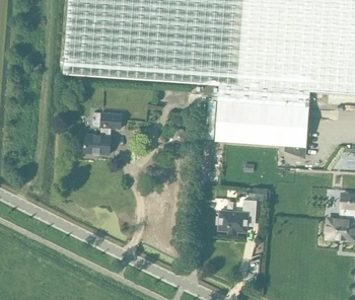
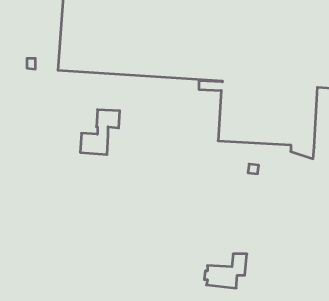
building: [216,201,257,233] -> [204,254,247,288]

